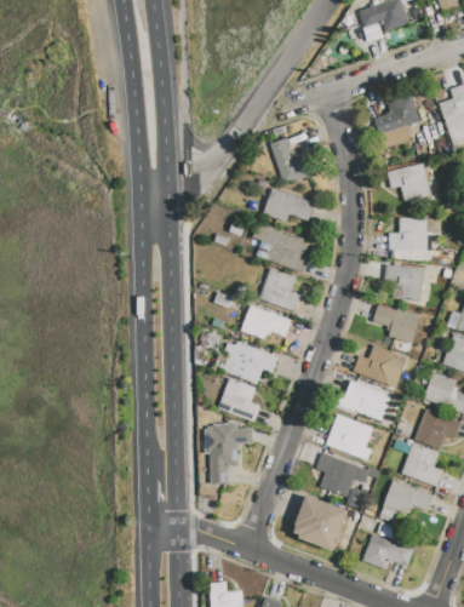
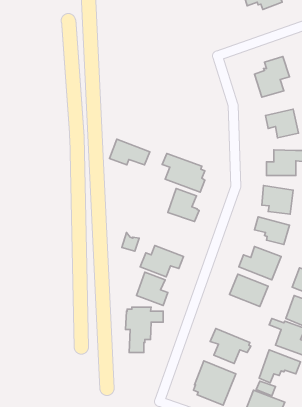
building: [270,138,311,185] -> none
building: [263,188,316,222] -> [109,139,150,165]
building: [241,305,292,339] -> none
building: [326,414,373,460] -> none

